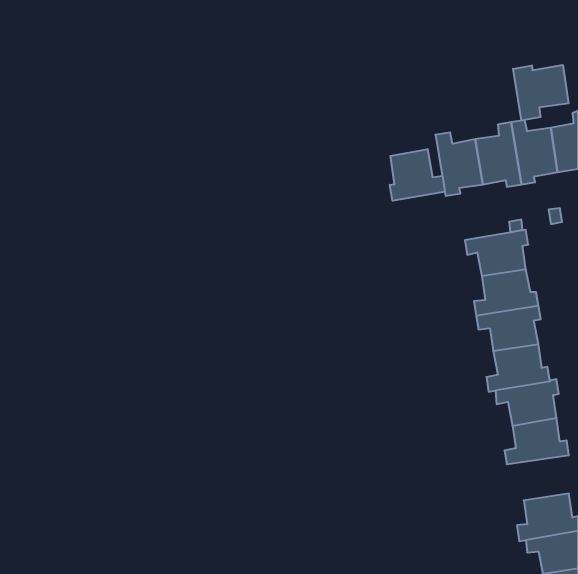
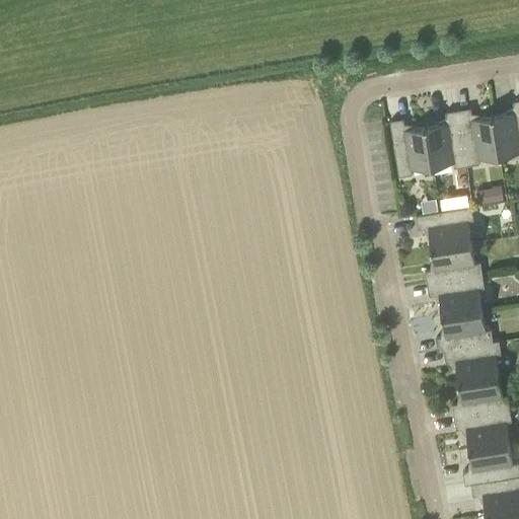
building: [513,65,569,121] -> none
building: [390,149,445,201] -> none
building: none -> [454,412,511,452]

